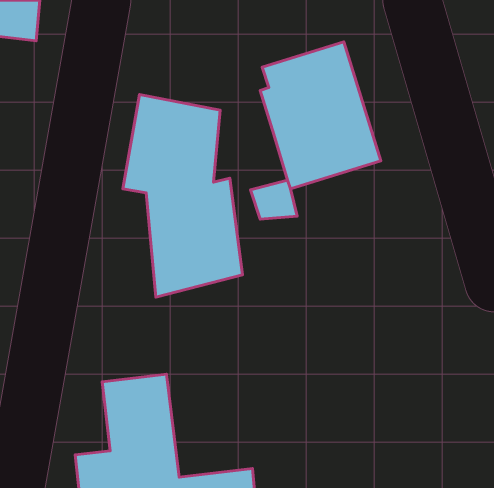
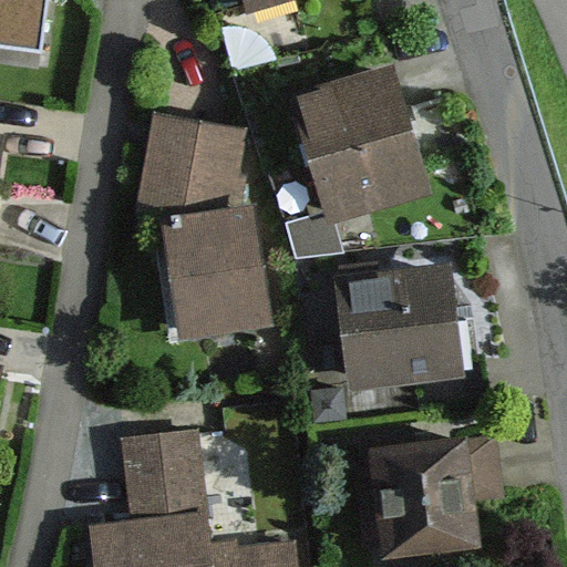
building: none -> [333,261,461,390]
building: none -> [368,434,496,551]

